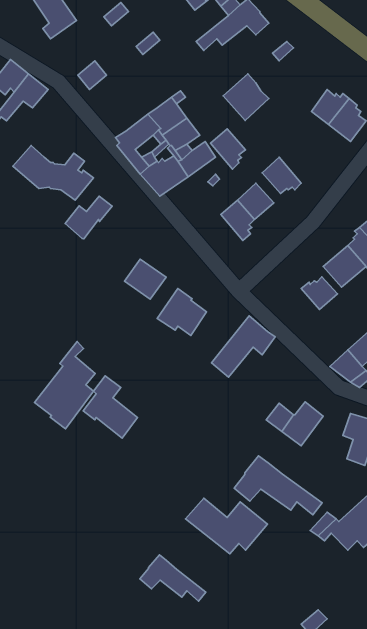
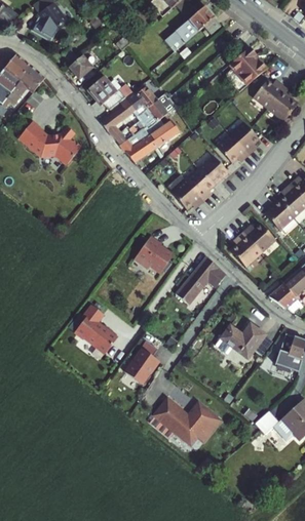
building: [223,74,269,121] -> [230,48,266,85]
building: none -> [89,77,132,111]
building: [210,129,245,169] -> [229,120,257,152]
building: [65,196,112,239] -> none
building: none -> [169,176,200,204]
building: [124,259,166,299] -> none
building: none -> [233,235,261,265]
building: [35,342,95,429] -> none
building: none -> [122,337,158,386]
building: [234,456,322,515] -> none
building: [140,555,206,601] -> none

